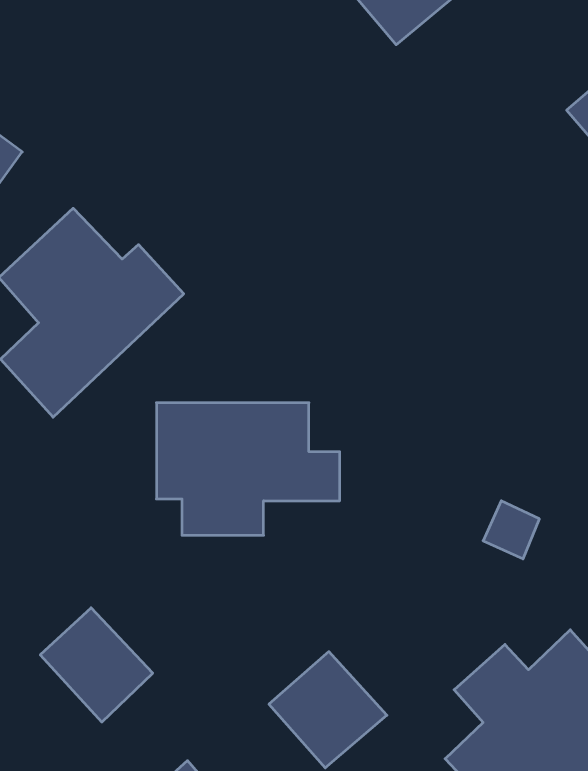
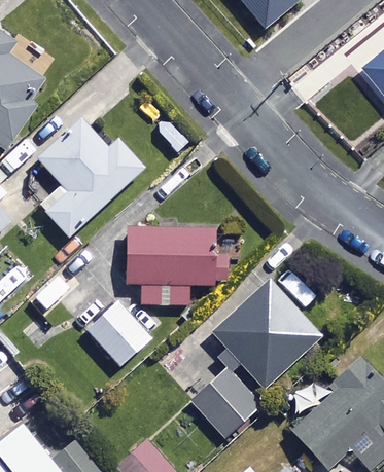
building: none -> [212,279,321,388]
building: [40,608,153,722] -> [85,300,149,365]

